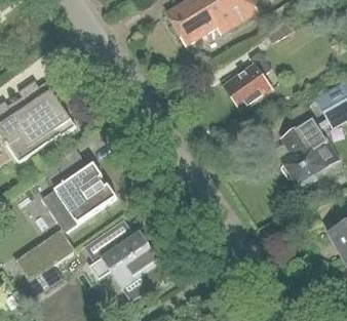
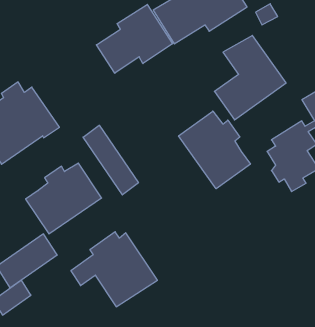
building: none -> [96,4,172,73]
building: none -> [179,111,250,189]
building: none -> [83,125,138,195]

